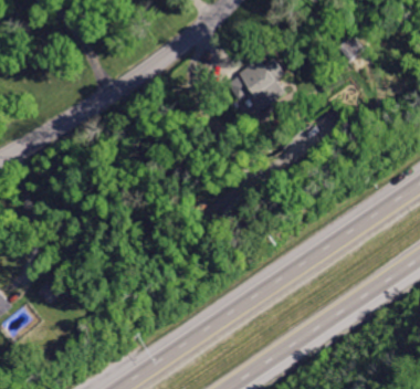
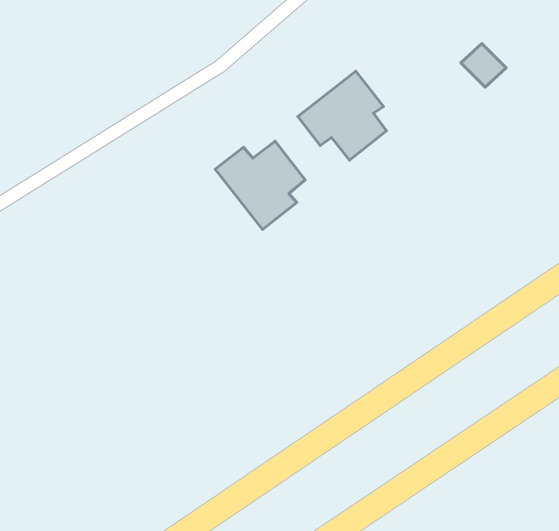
building: none -> [215,141,305,230]

